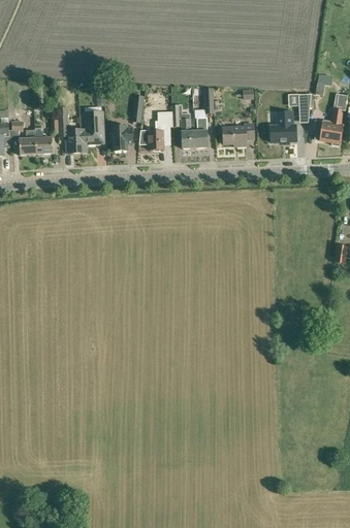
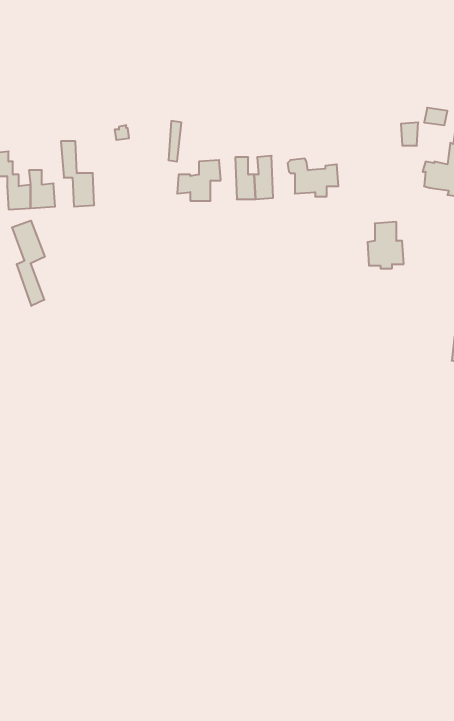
building: [79,110,103,152] -> none
building: [273,110,298,143] -> [367,222,404,268]
building: [109,125,132,151] -> none
building: none -> [12,221,45,306]

